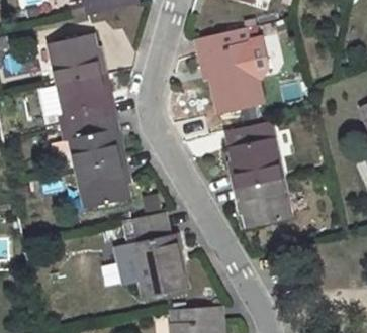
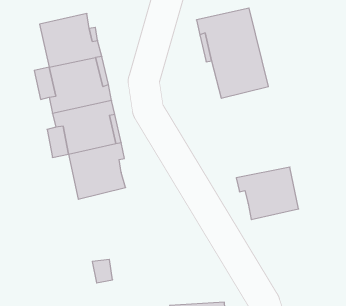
building: [225,121,283,188] -> none
building: [131,211,188,297] -> none

